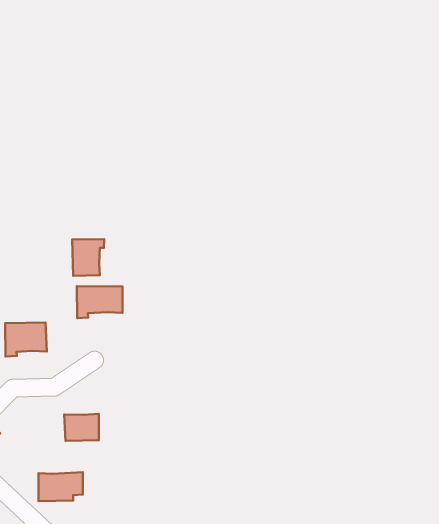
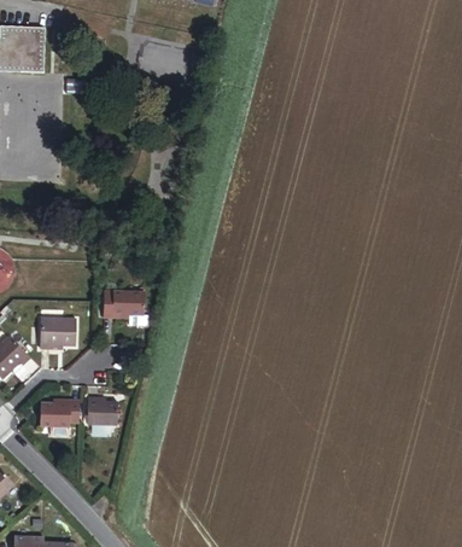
building: [72,239,104,276] -> none
building: [39,472,83,501] -> [39,401,78,426]

